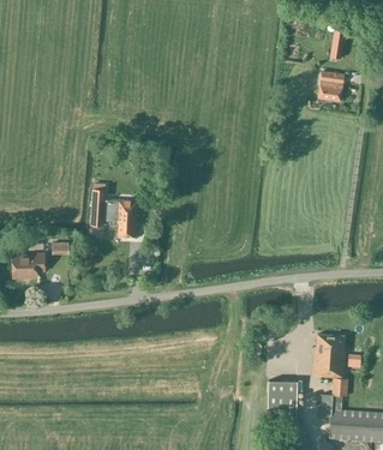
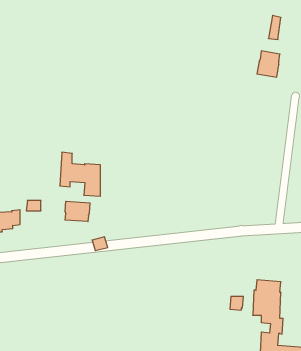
building: none -> [65,201,90,222]
building: [267,380,297,407] -> none

